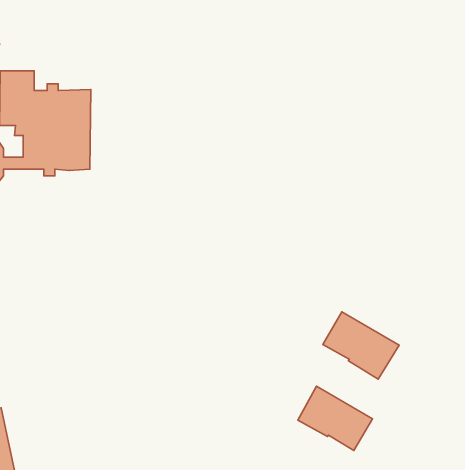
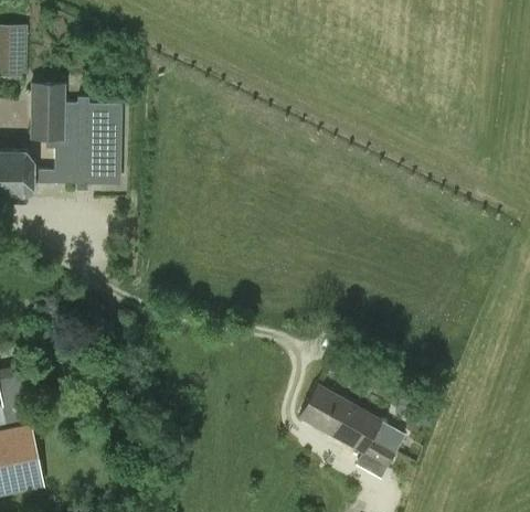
building: [323,312,399,379] -> none
building: none -> [296,384,349,436]

